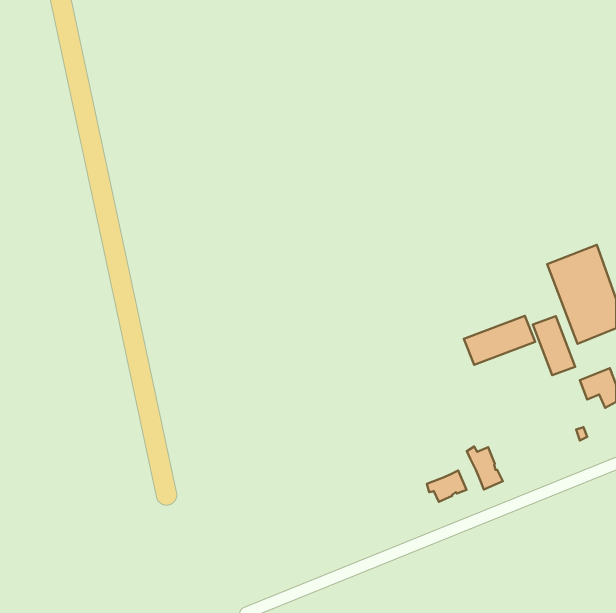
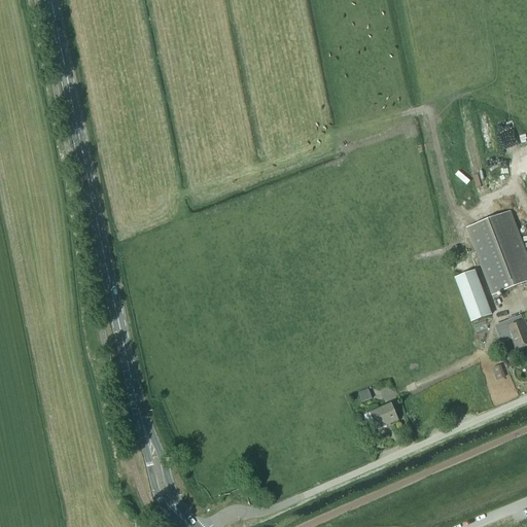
building: [464,316,535,365] -> none
building: [467,447,503,489] -> none

